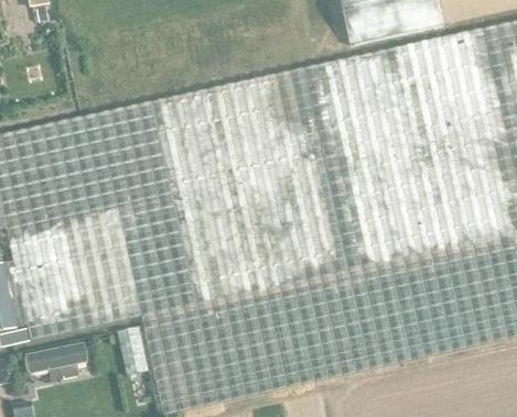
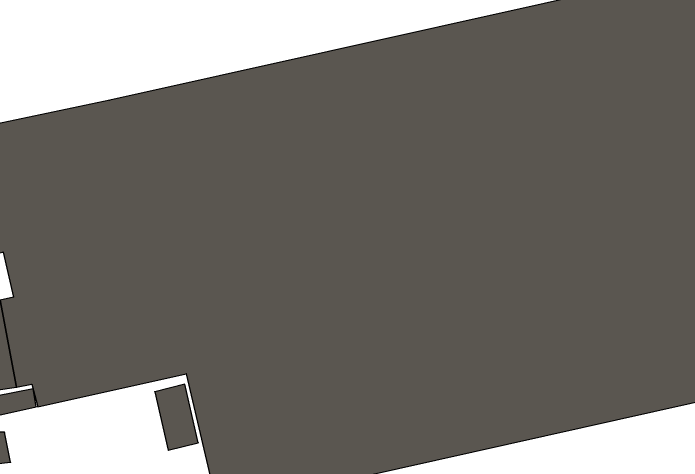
building: [25,342,86,378] -> none

